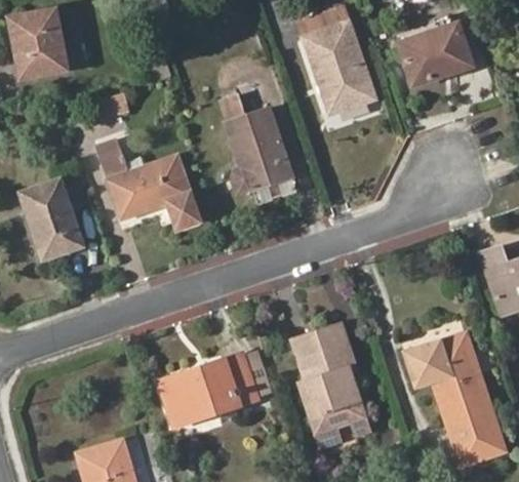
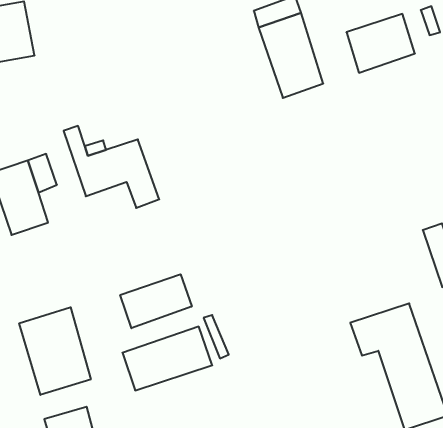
building: [226,110,291,192] -> none
building: none -> [120,274,192,328]
building: [291,324,367,435] -> none
building: none -> [19,307,91,395]

